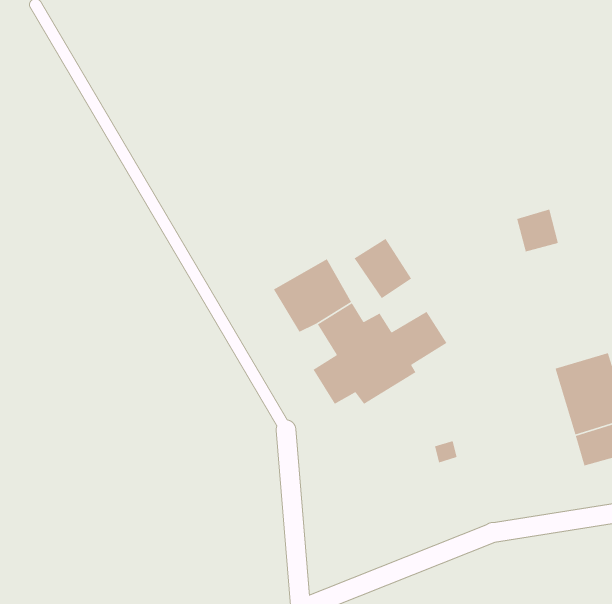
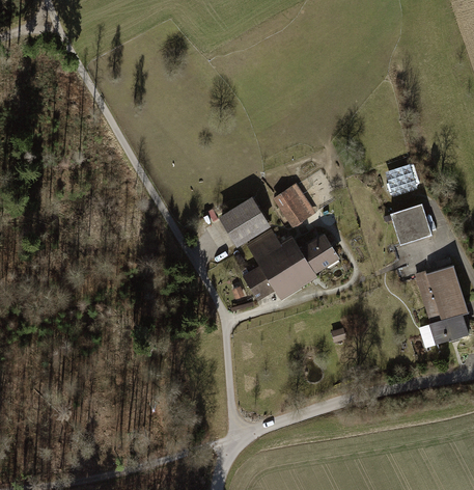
building: none -> [390,203,431,245]

